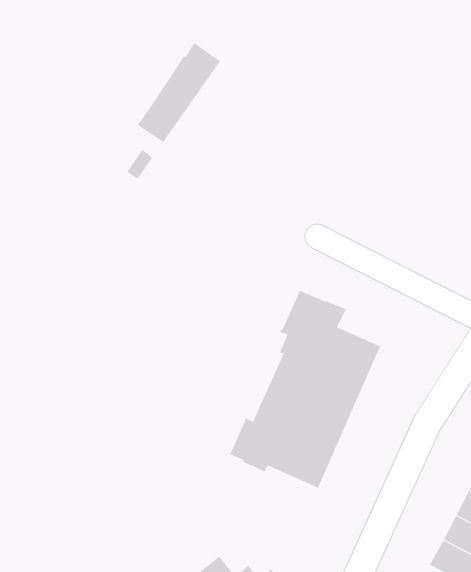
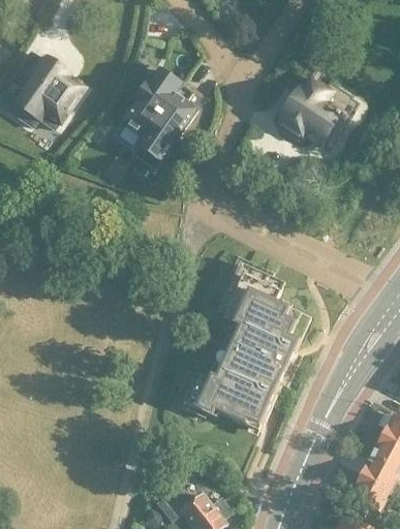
building: none -> [9,57,83,129]
building: none -> [278,77,358,149]
building: none -> [132,85,197,169]

